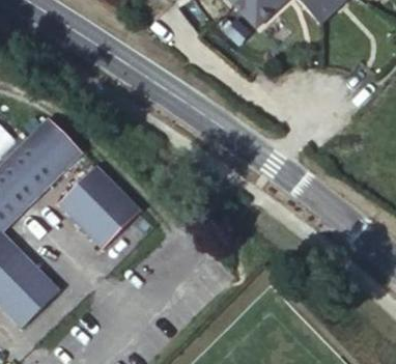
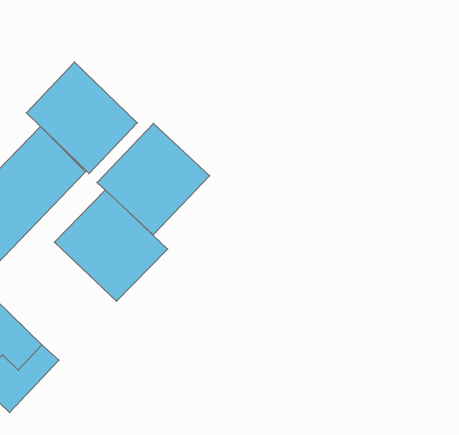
building: none -> [26,62,137,174]
building: none -> [97,123,209,235]

